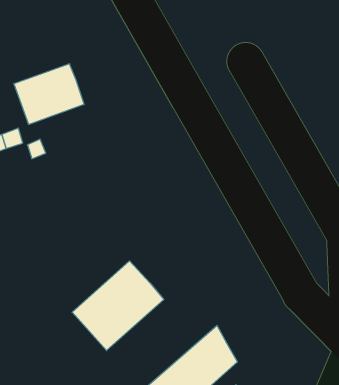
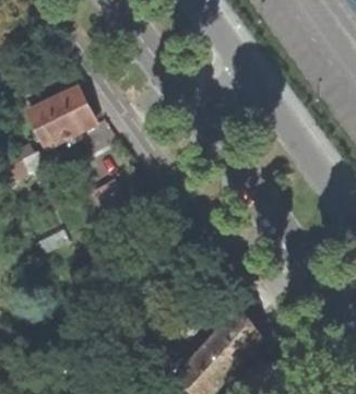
building: [72,261,164,351] -> none

